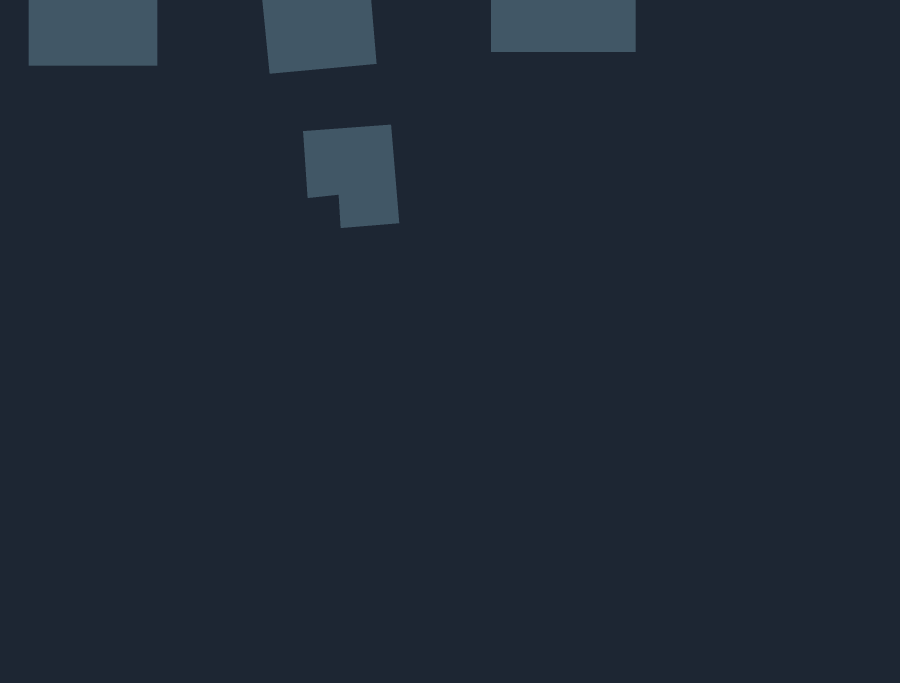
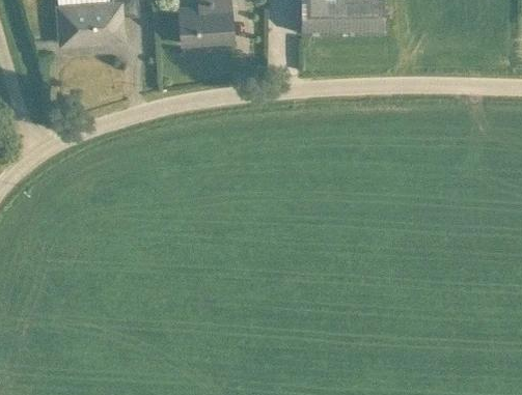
building: [302,124,400,229] -> none

